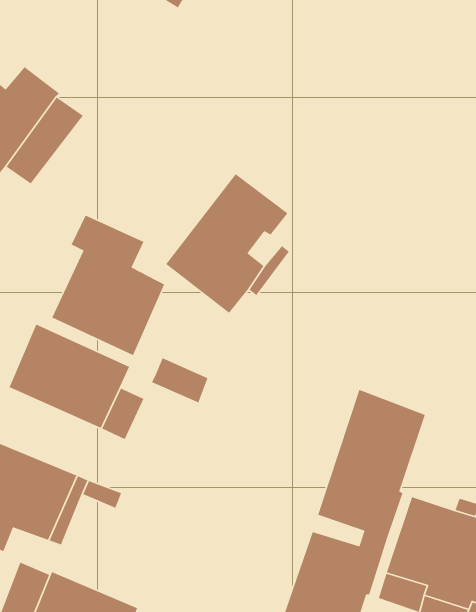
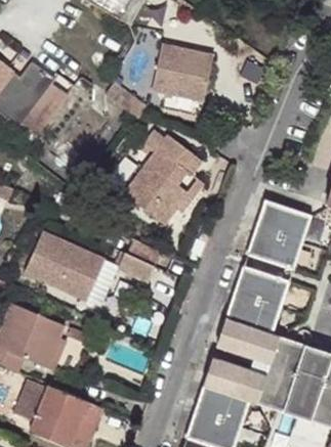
building: none -> [152,42,213,99]
building: [51,214,165,356] -> none
building: none -> [249,204,312,272]

